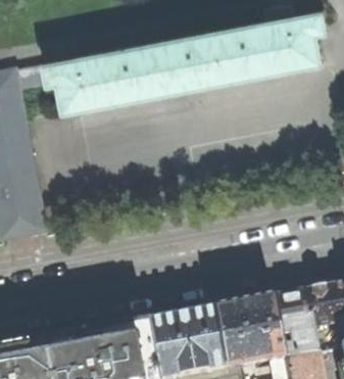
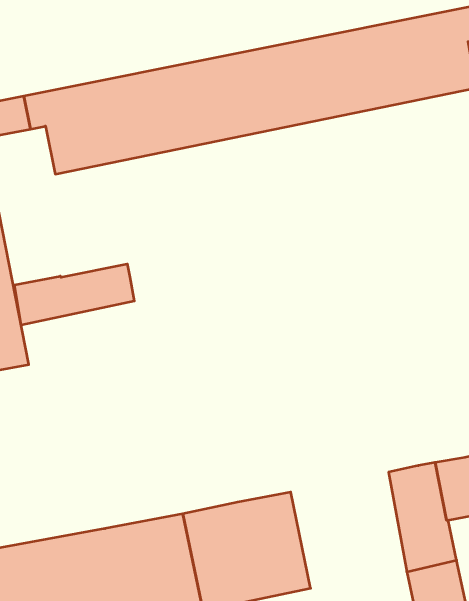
building: none -> [15,264,134,325]
building: [210,297,282,369] -> none

